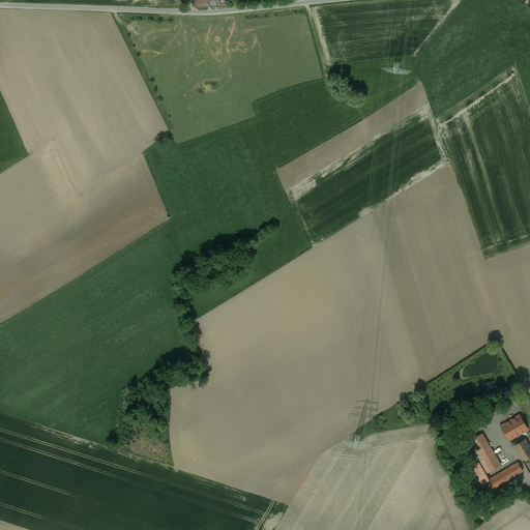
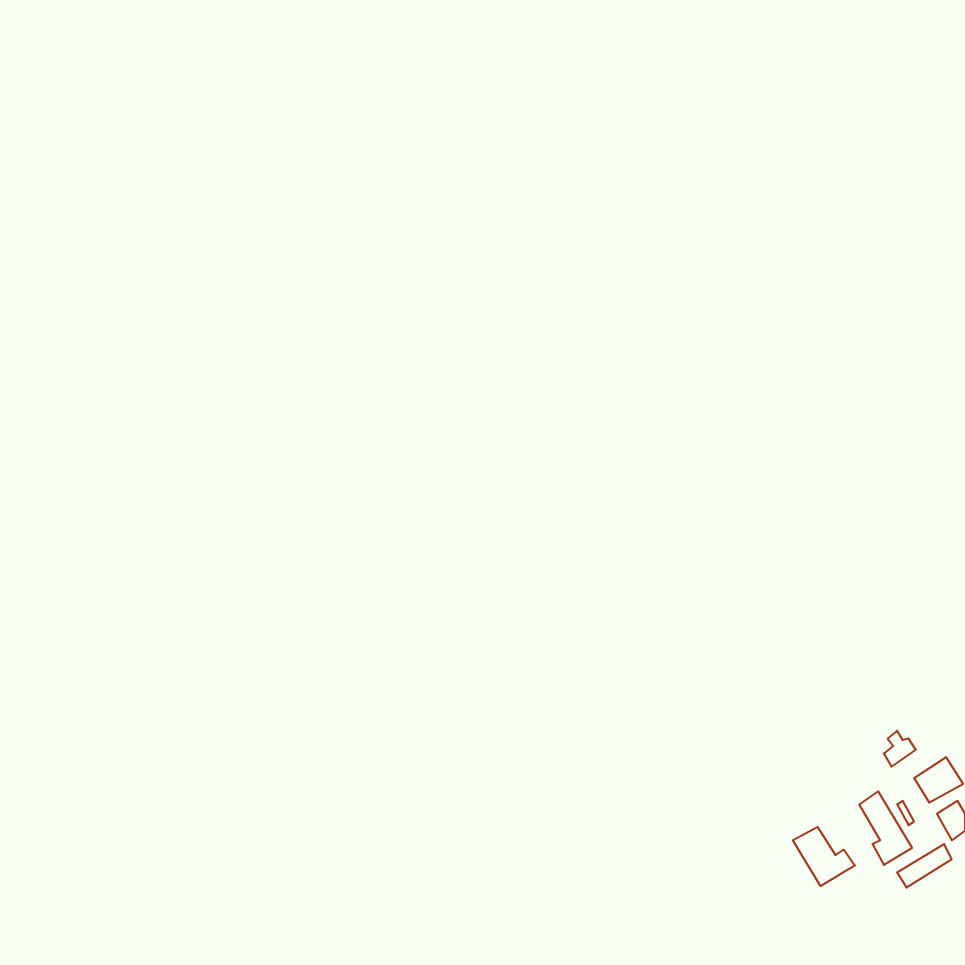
building: none -> [793,827,855,886]

